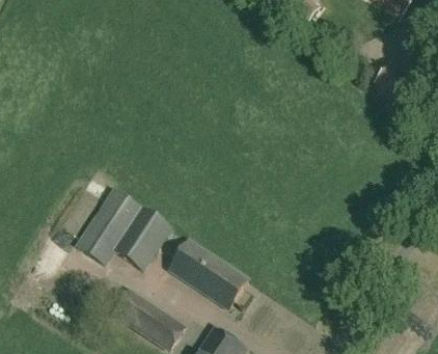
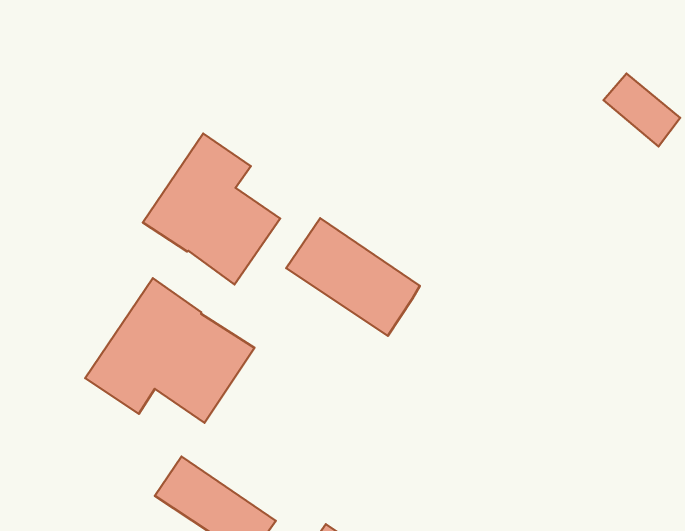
building: none -> [143,133,280,284]
building: [168,239,246,307] -> [286,218,420,336]

